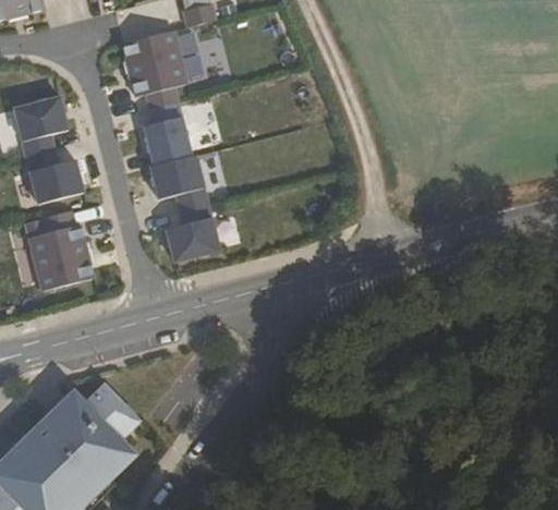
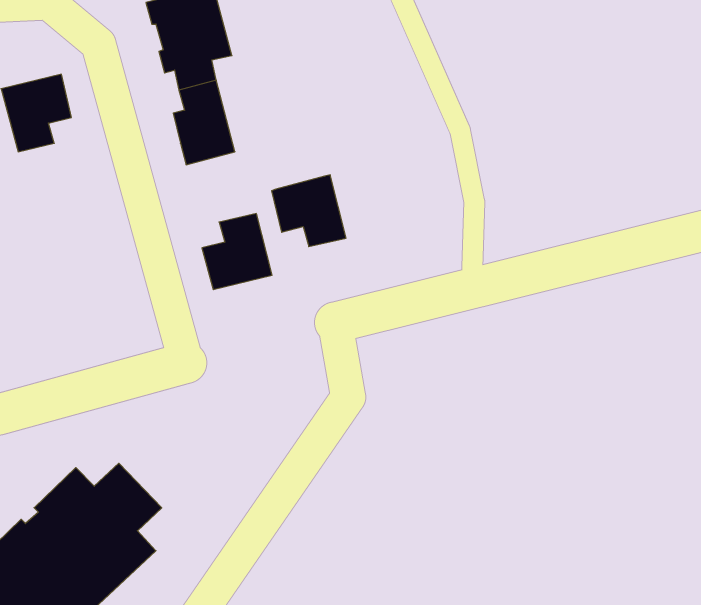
building: [26,148,83,202] -> none
building: [150,154,207,208] -> [272,175,346,247]
building: [29,210,94,289] -> none

